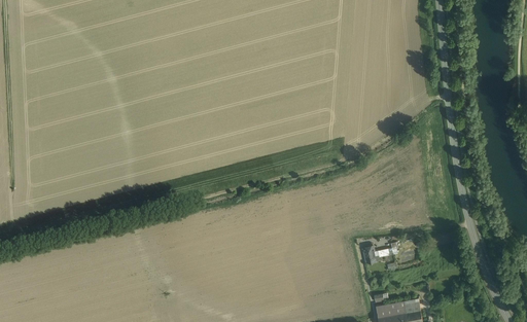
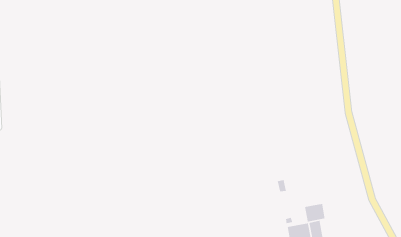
building: none -> [304,203,326,222]

